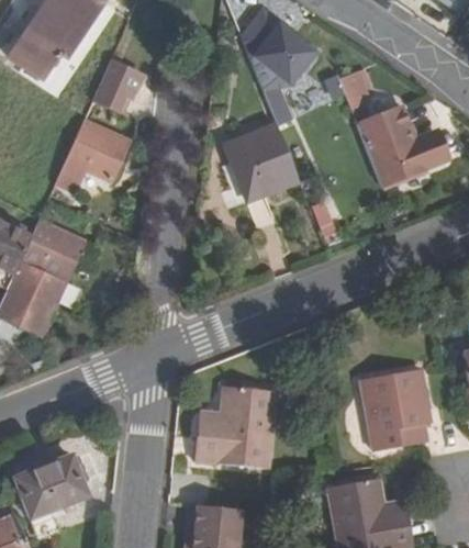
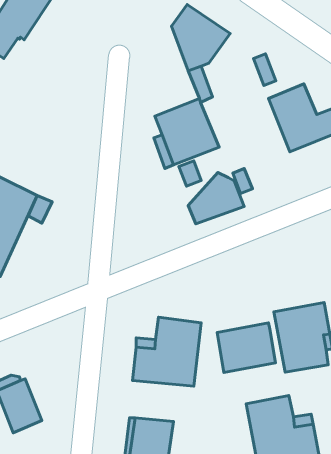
building: [92,61,141,115] -> none
building: [55,121,127,192] -> none
building: none -> [188,172,244,224]
building: none -> [217,323,275,372]

